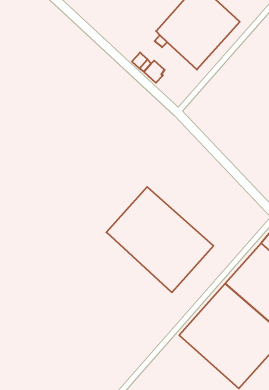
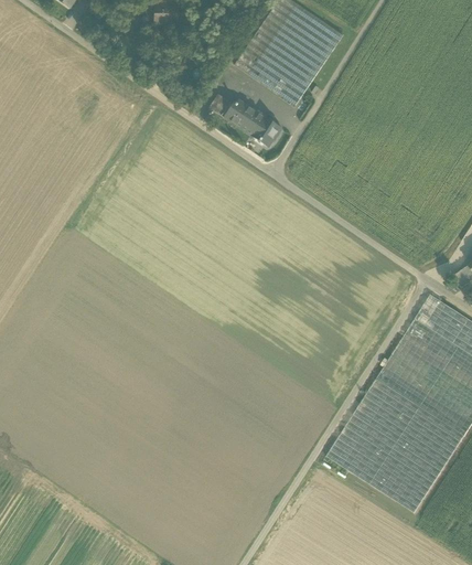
building: none -> [246,111,283,147]
building: [106,187,213,292] -> none

